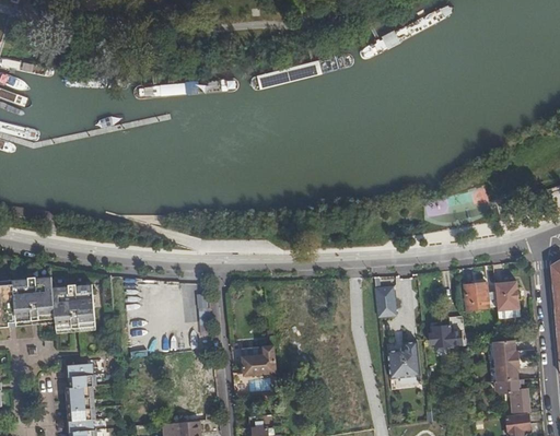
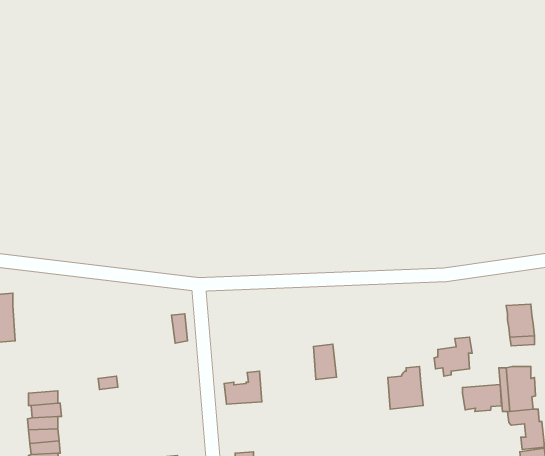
building: [52,283,96,331] -> none
building: [458,283,497,313] -> none
building: [376,286,397,318] -> [313,344,337,380]
building: none -> [462,384,502,412]

